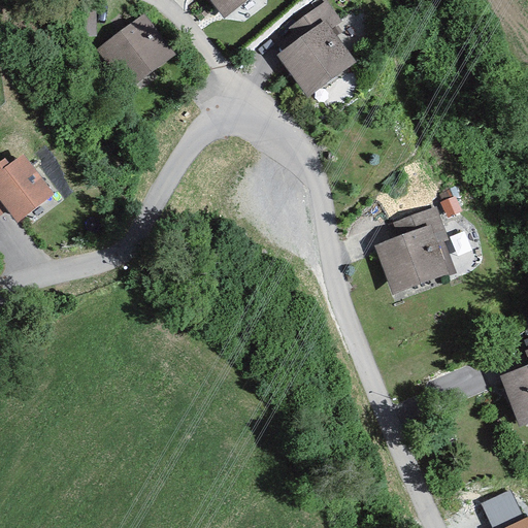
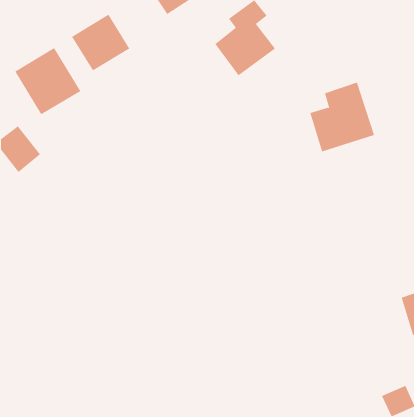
building: none -> [14,47,81,115]
building: [372,206,455,295] -> [309,82,375,152]

